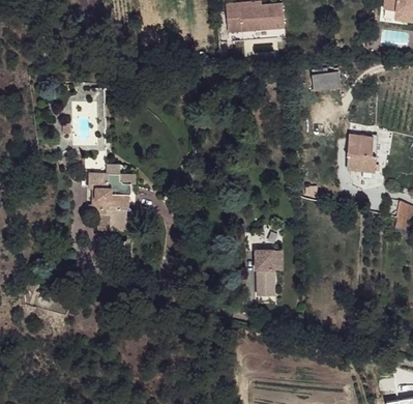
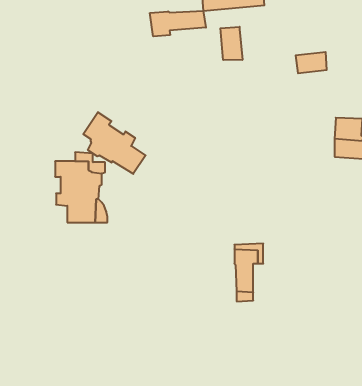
building: none -> [150,11,206,36]
building: none -> [220,27,242,60]
building: none -> [83,112,146,174]

